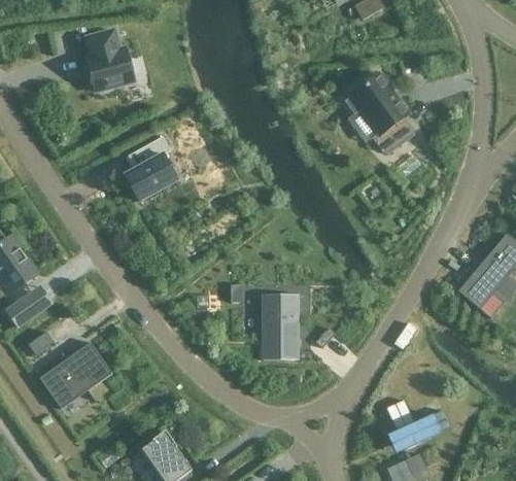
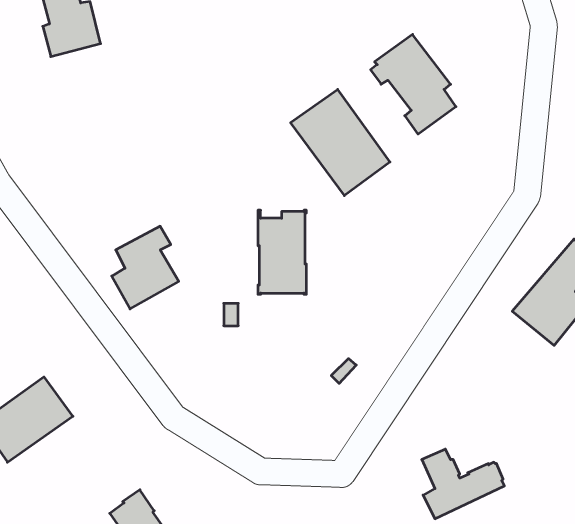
building: none -> [291,89,390,196]
building: [125,136,177,201] -> [112,226,179,309]
building: [261,294,299,359] -> [258,210,306,294]

